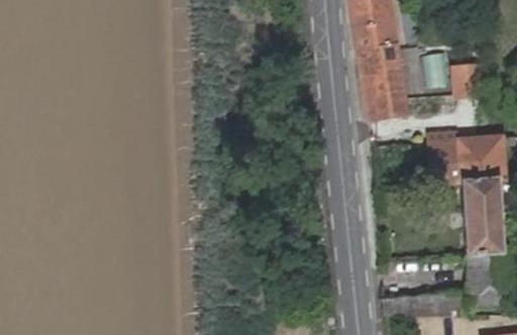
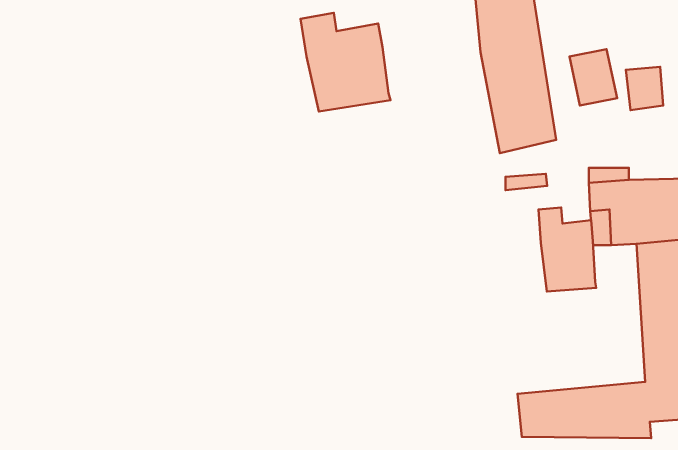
building: none -> [301,13,390,111]
building: none -> [538,207,596,292]

